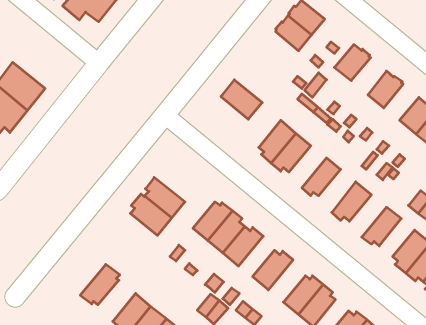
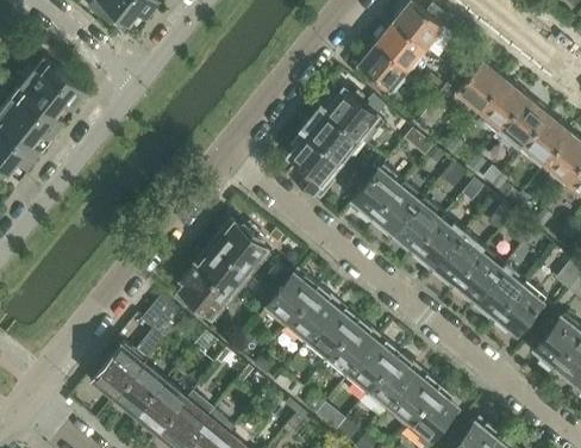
building: none -> [358,43,407,91]
building: none -> [20,56,88,120]
building: none -> [479,79,526,129]
building: none -> [320,88,383,139]
building: none -> [523,114,570,163]
building: none -> [289,131,339,187]
building: none -> [394,198,445,255]
building: none -> [212,218,271,274]
building: none -> [435,230,485,288]
building: none -> [476,265,526,322]
building: none -> [94,295,183,400]
building: none -> [326,321,375,375]
building: none -> [367,353,417,418]
building: none -> [136,380,187,436]

